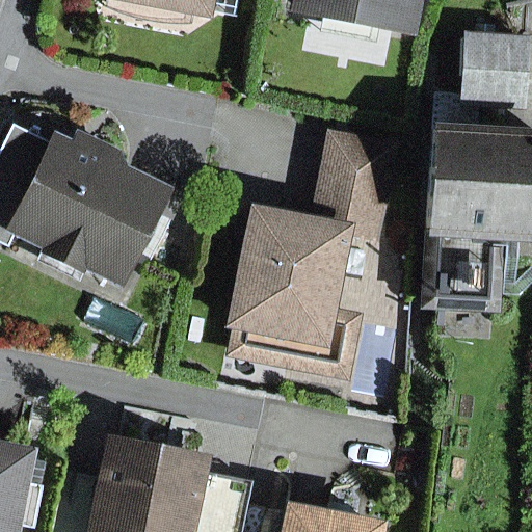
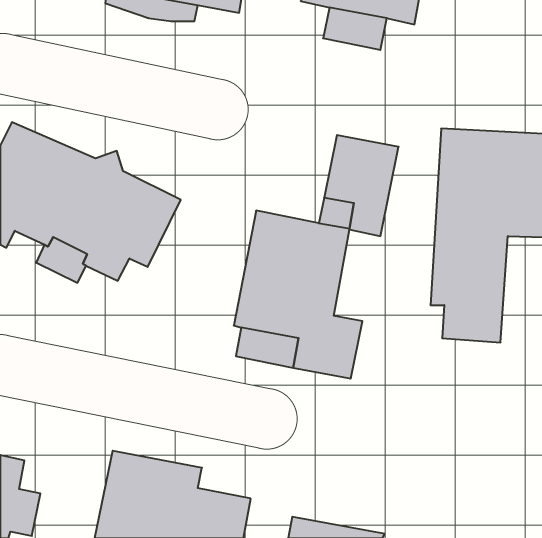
building: [458,36,524,102] -> none

